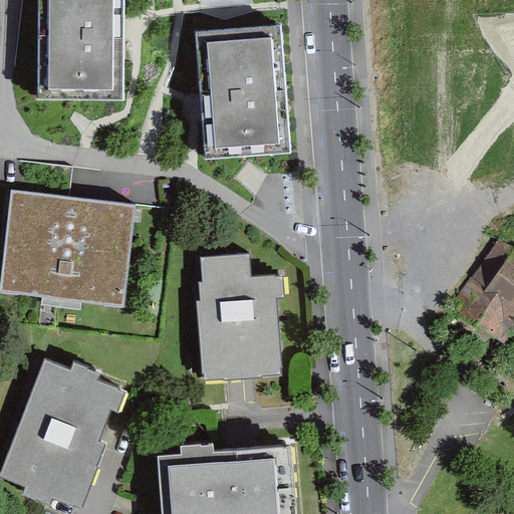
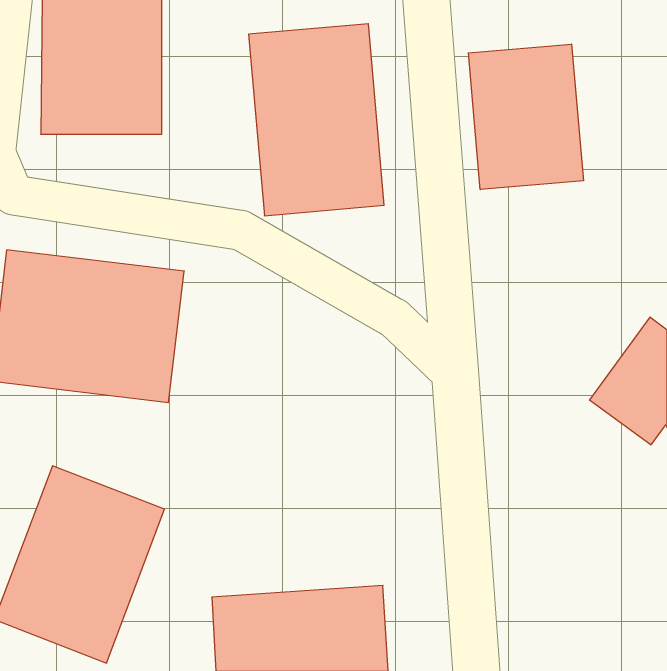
building: none -> [468,44,583,190]
building: [197,256,284,381] -> none

